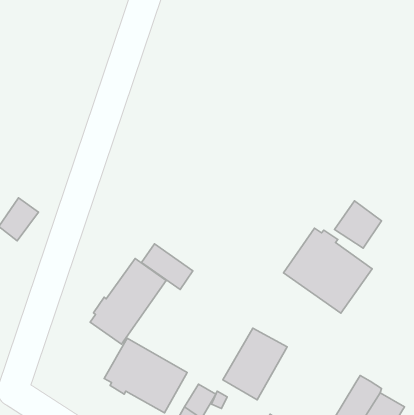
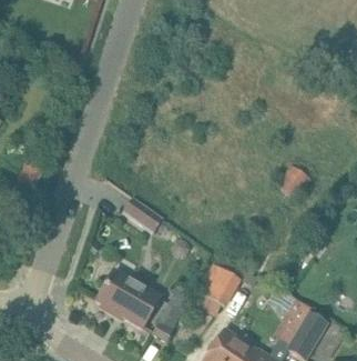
building: [283,228,372,313] -> none
building: [90,259,166,344] -> none

